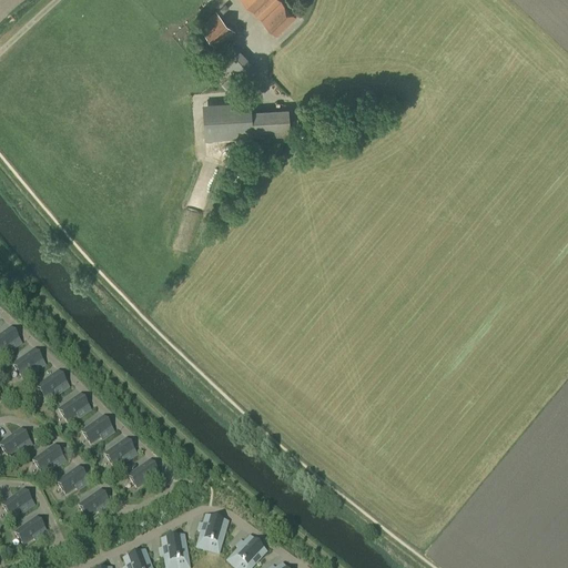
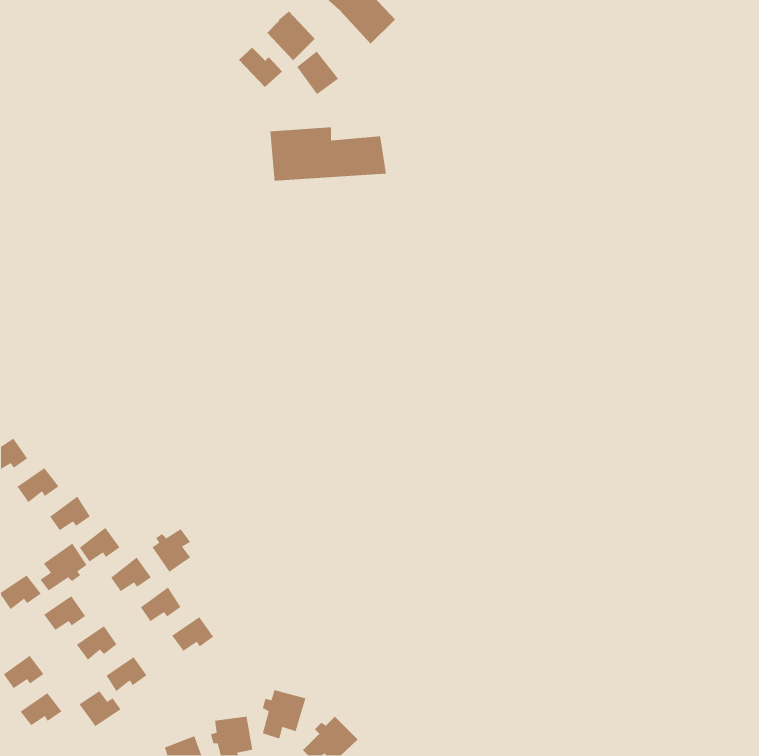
building: none -> [238,47,283,88]
building: none -> [152,528,191,573]
building: none -> [39,542,88,591]
building: none -> [79,690,121,727]

